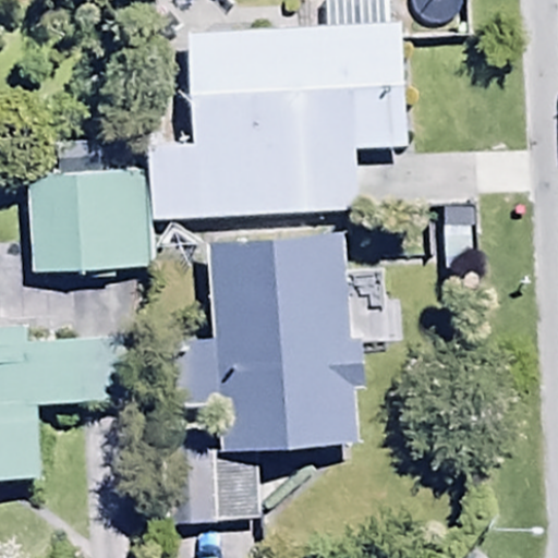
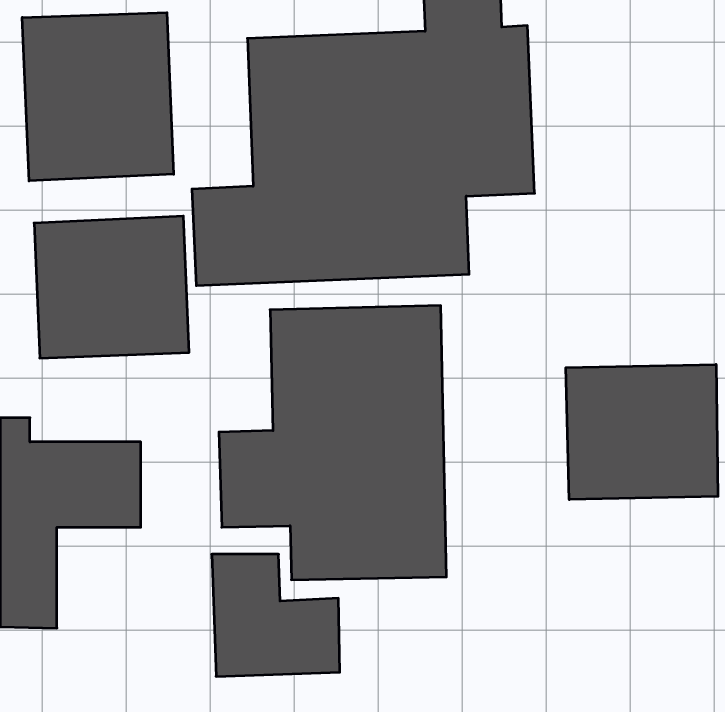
building: none -> [22,13,174,181]
building: none -> [566,364,718,500]

